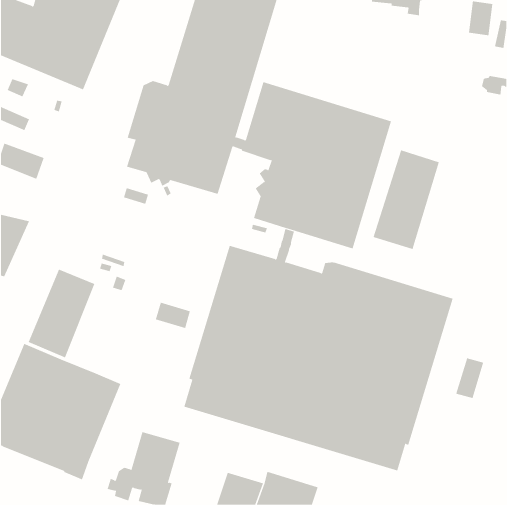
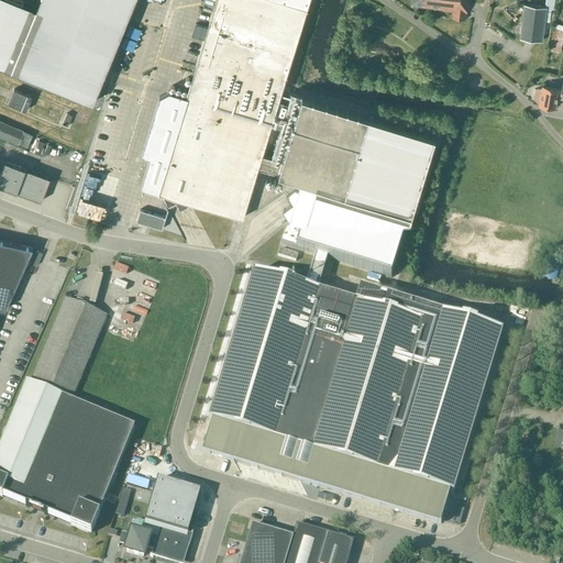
building: [373,150,439,250] -> none
building: [155,302,191,329] -> none
building: [456,357,484,399] -> none

